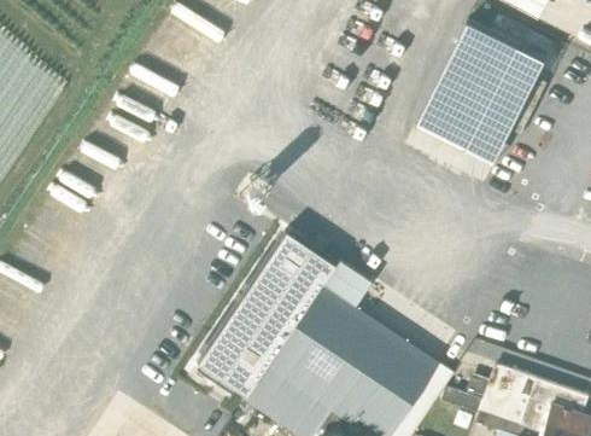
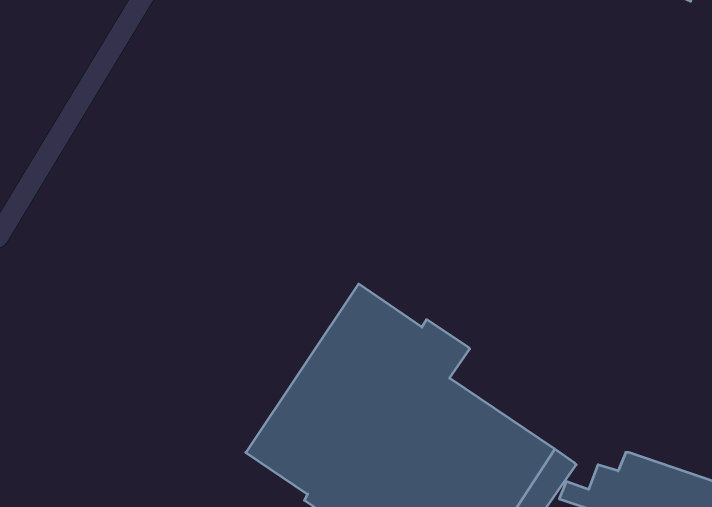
building: [416,23,545,165] -> none

